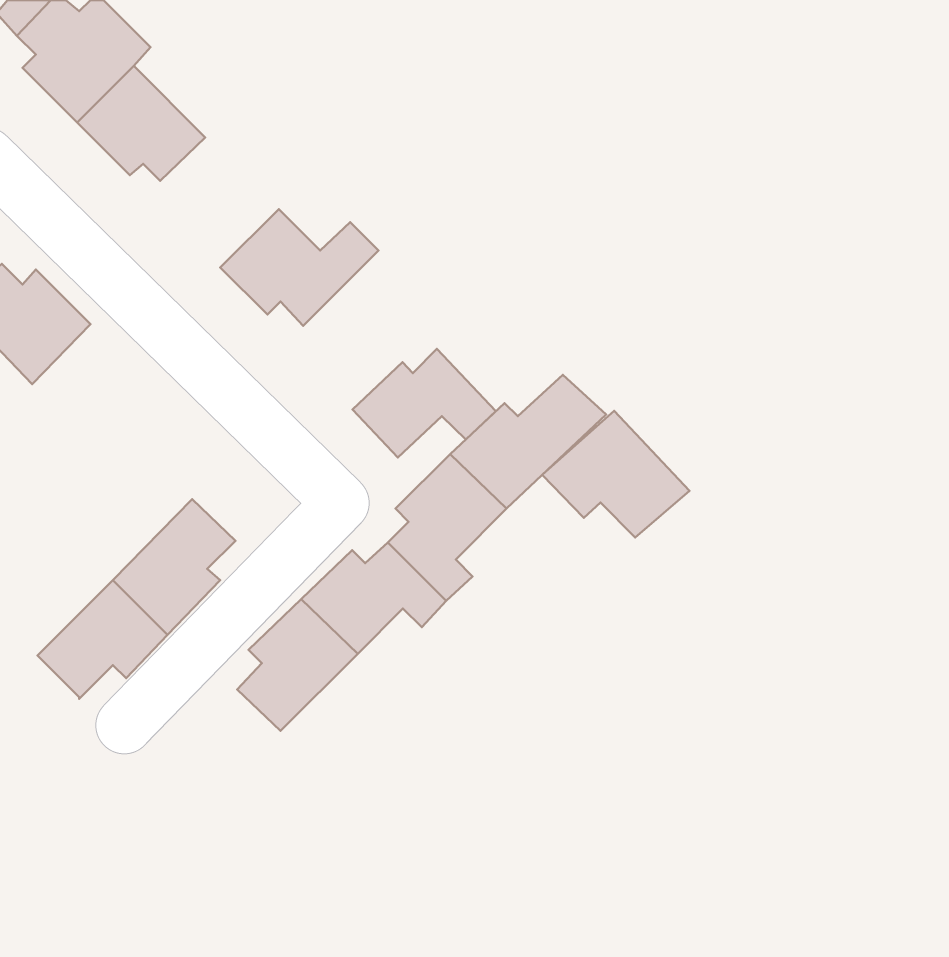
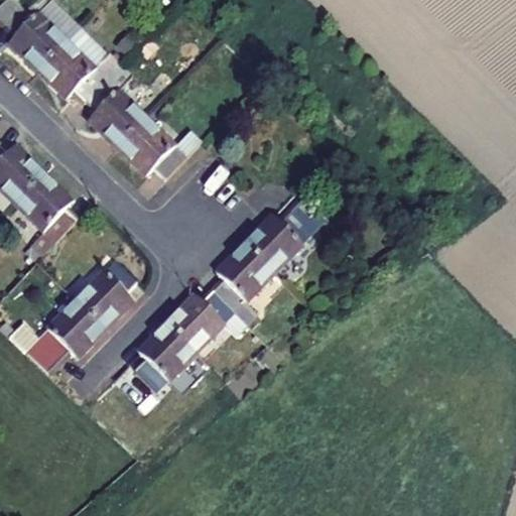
building: none -> [86,77,149,146]
building: none -> [17,176,81,257]
building: [352,349,496,458] -> none
building: [542,411,690,538] -> none

